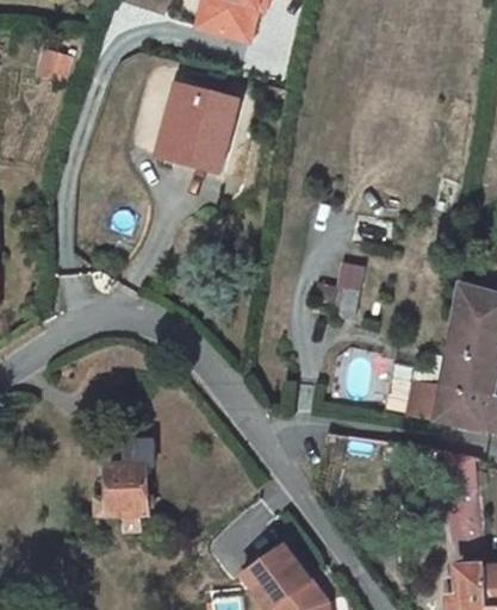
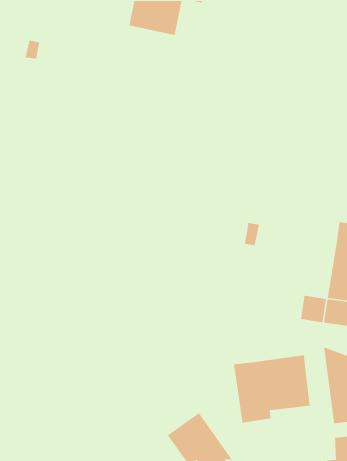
building: [167,87,238,173] -> none
building: [89,460,141,521] -> none
building: none -> [233,354,310,423]

